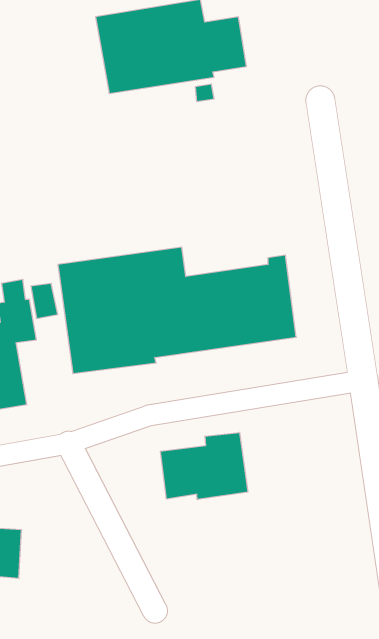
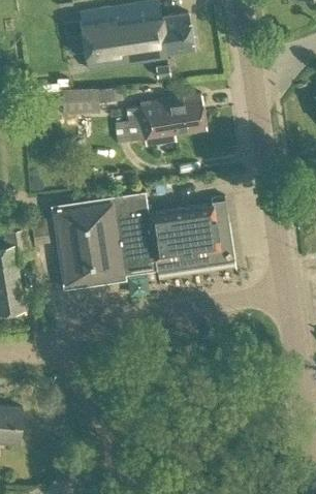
building: none -> [63,87,125,114]
building: none -> [126,94,206,147]
building: [160,432,248,500] -> none

